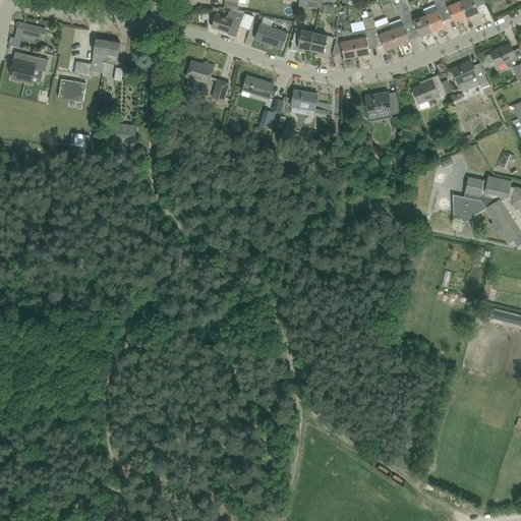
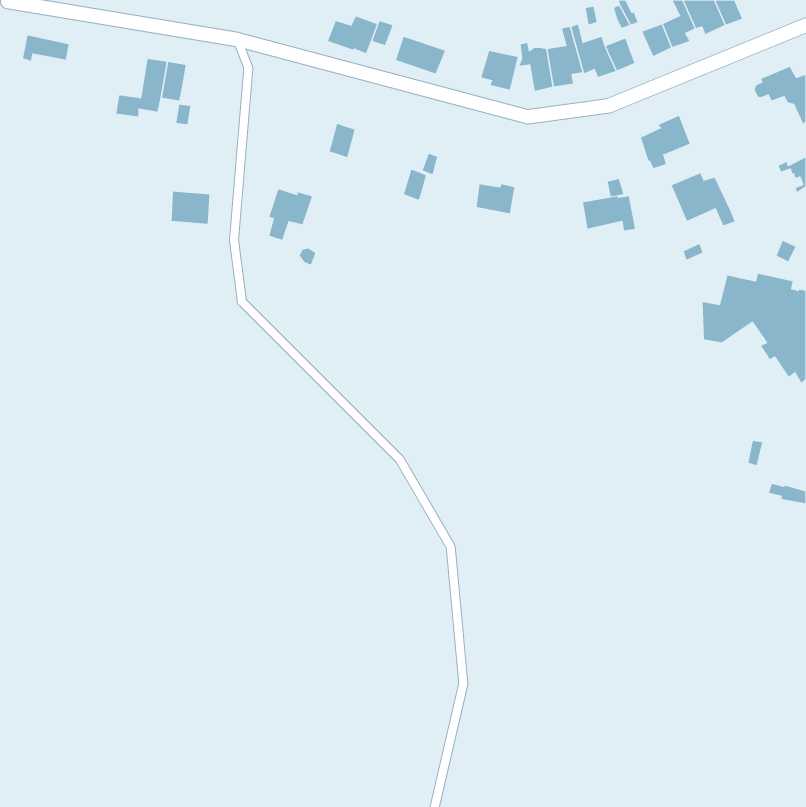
building: [290,27,314,52] -> none
building: [10,55,48,82] -> none
building: [185,60,214,94] -> [268,188,313,240]
building: [451,60,493,95] -> [671,172,736,226]
building: [243,75,274,98] -> none
building: [58,78,85,102] -> none
building: [291,92,316,111] -> [476,184,515,214]
building: [364,92,399,114] -> [582,196,636,231]

